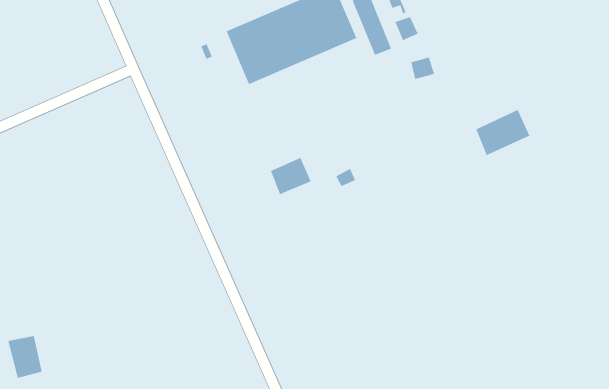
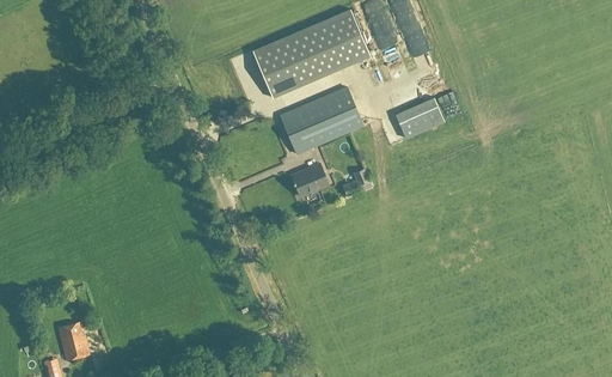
building: none -> [280,86,363,153]
building: [475,109,530,156] -> [396,96,445,138]

